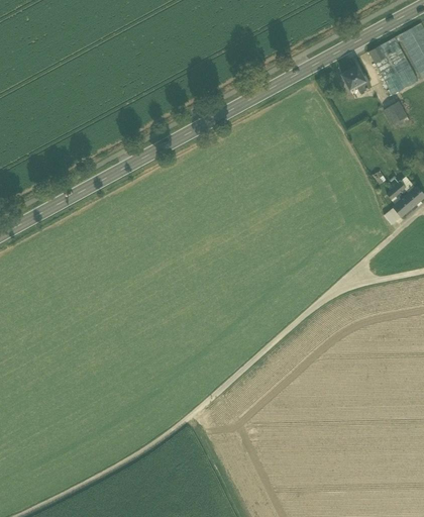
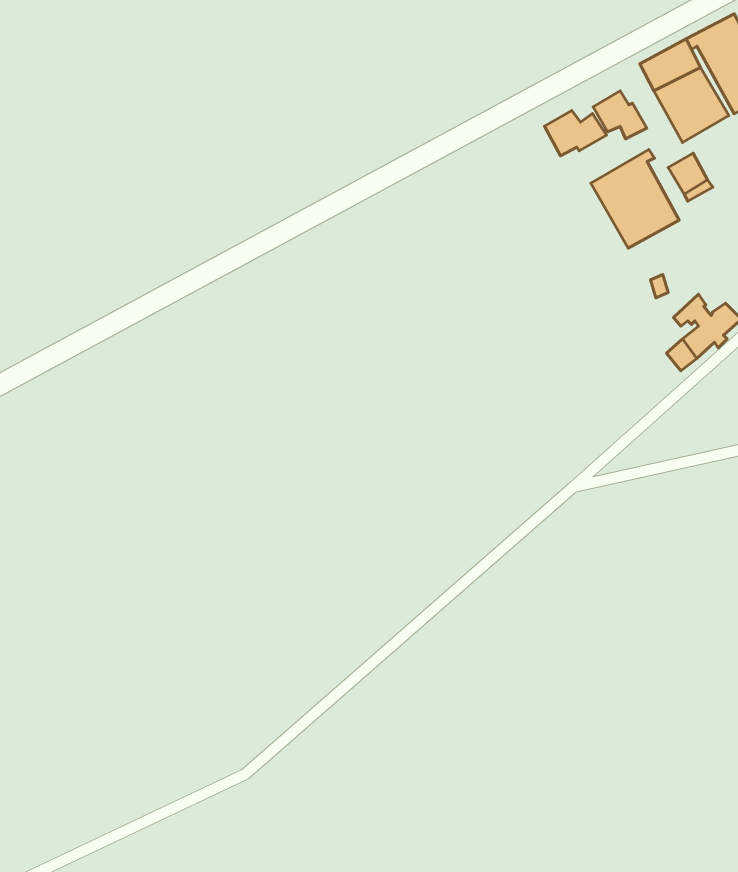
building: none -> [544,111,607,156]
building: none -> [591,149,679,248]

